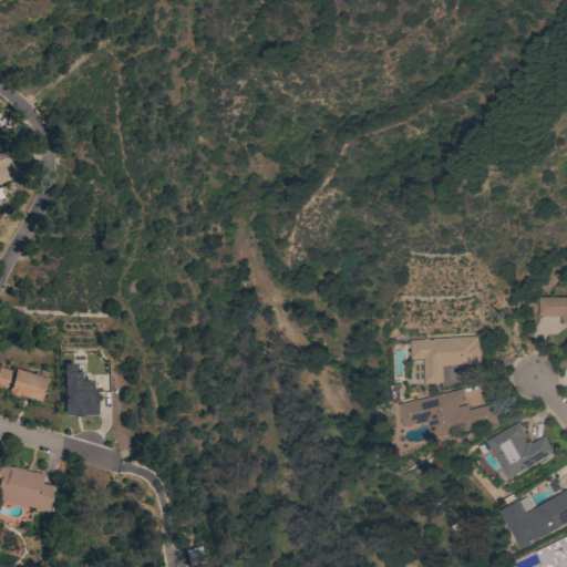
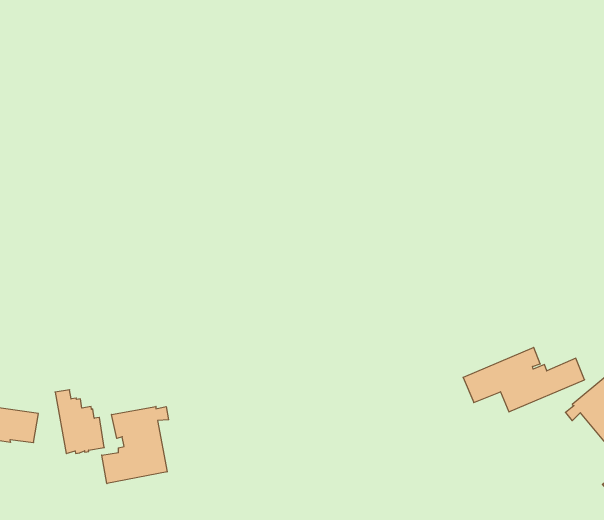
building: [410,336,483,383] -> none
building: none -> [102,406,169,484]

